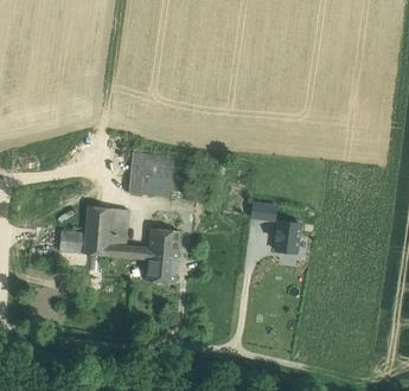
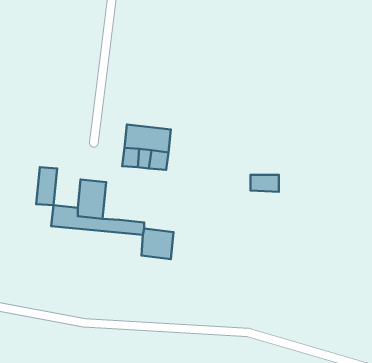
building: [108,209,128,245] -> [36,167,57,205]
building: [275,222,299,252] -> none
building: [148,229,179,257] -> none

